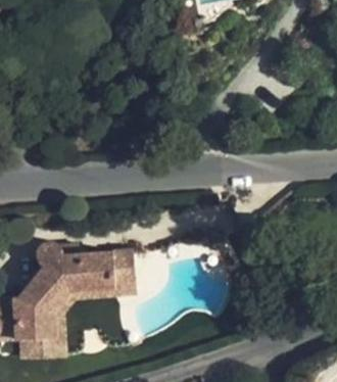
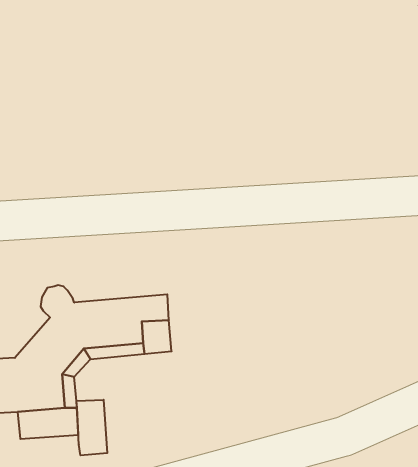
building: none -> [77,400,107,455]

